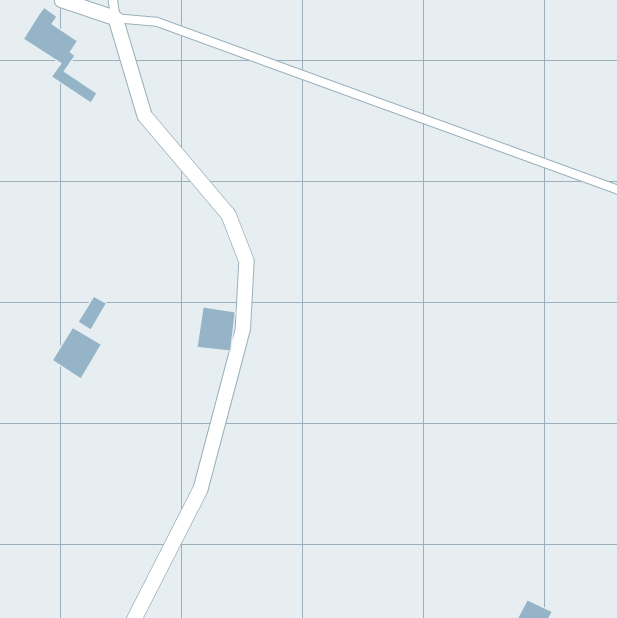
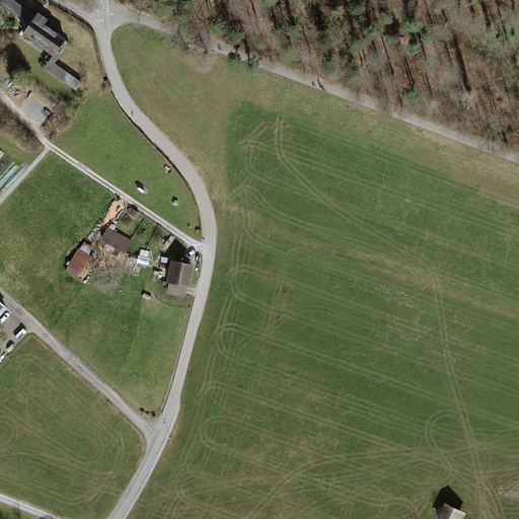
building: none -> [99,228,134,257]
building: [52,327,102,379] -> none

